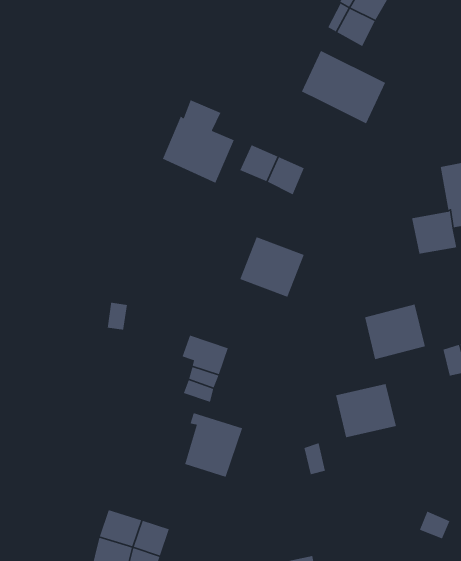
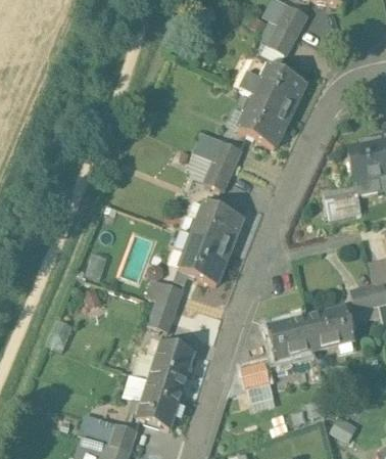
building: [162,99,235,184] -> none
building: none -> [239,95,291,146]
building: none -> [204,158,234,189]
building: none -> [175,234,230,283]
building: [364,304,426,360] -> [306,305,354,349]
building: none -> [247,359,274,402]
building: none -> [137,378,182,428]

